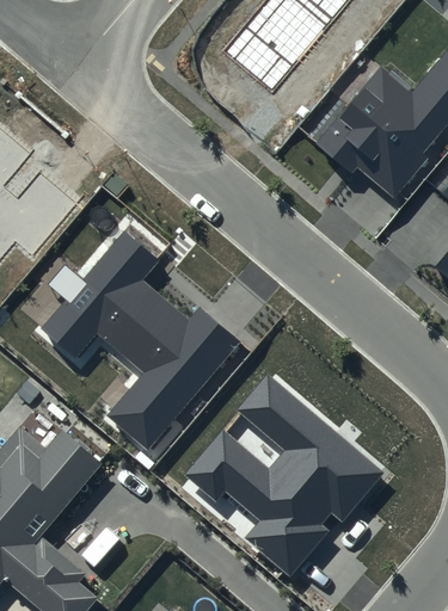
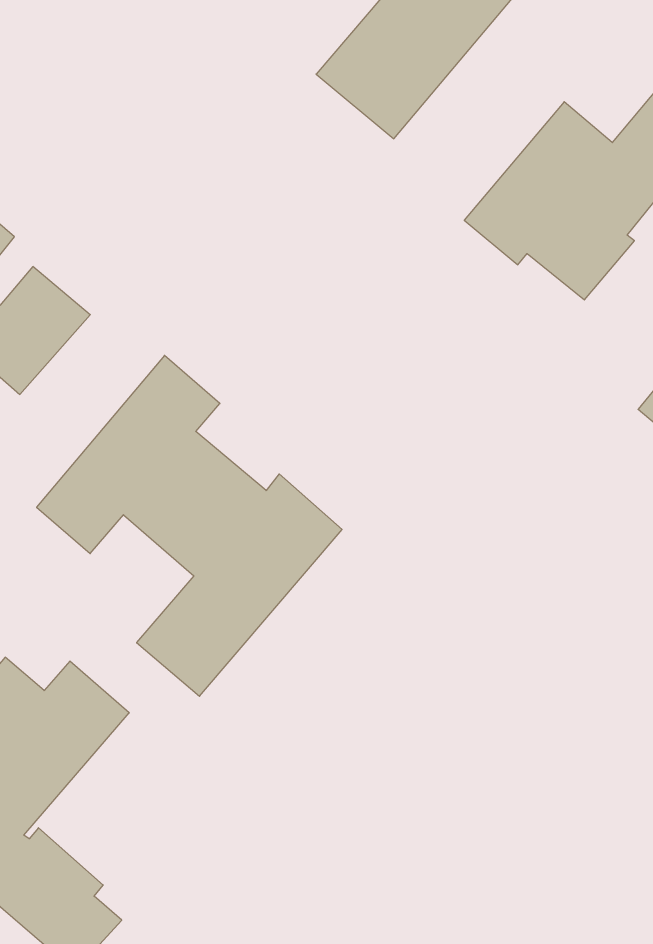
building: [184,375,382,576] -> none

